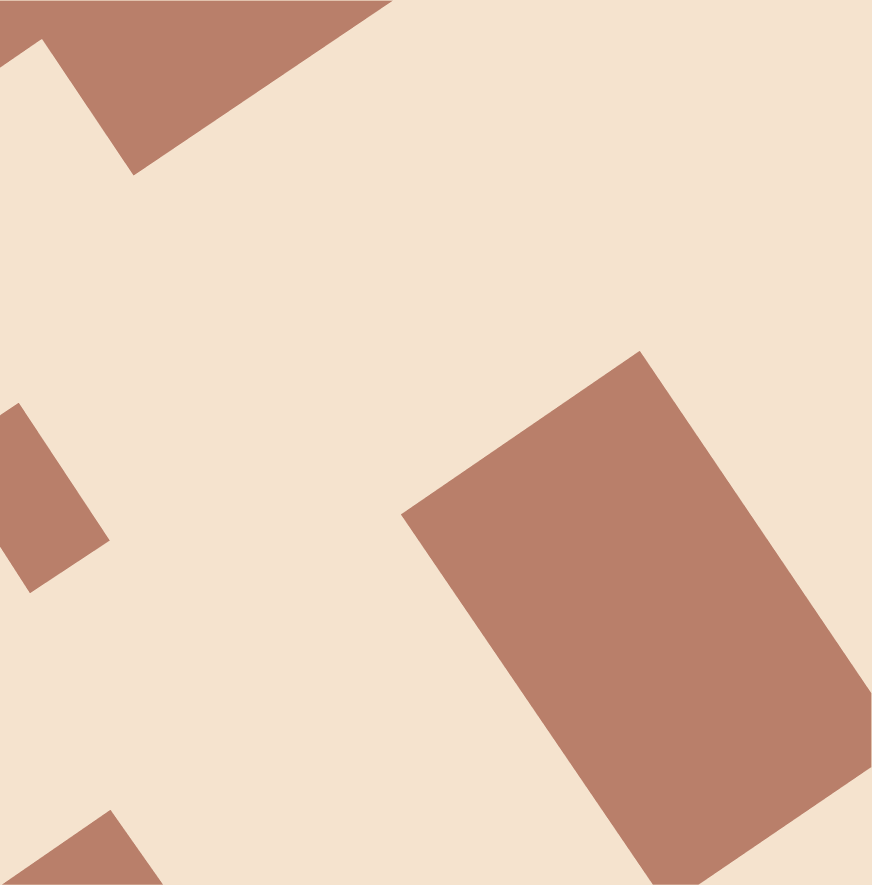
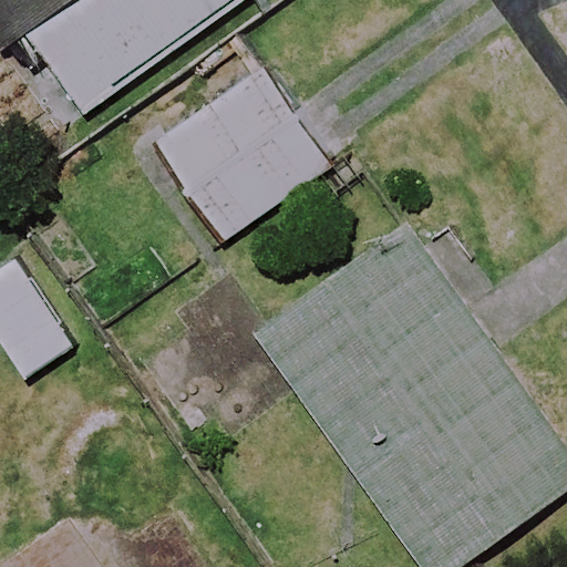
building: none -> [153,70,327,240]

